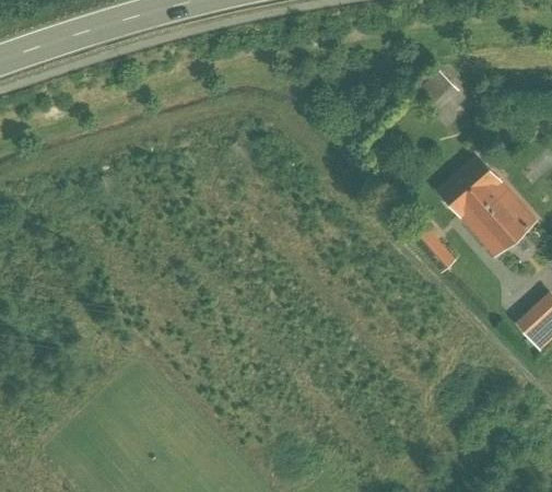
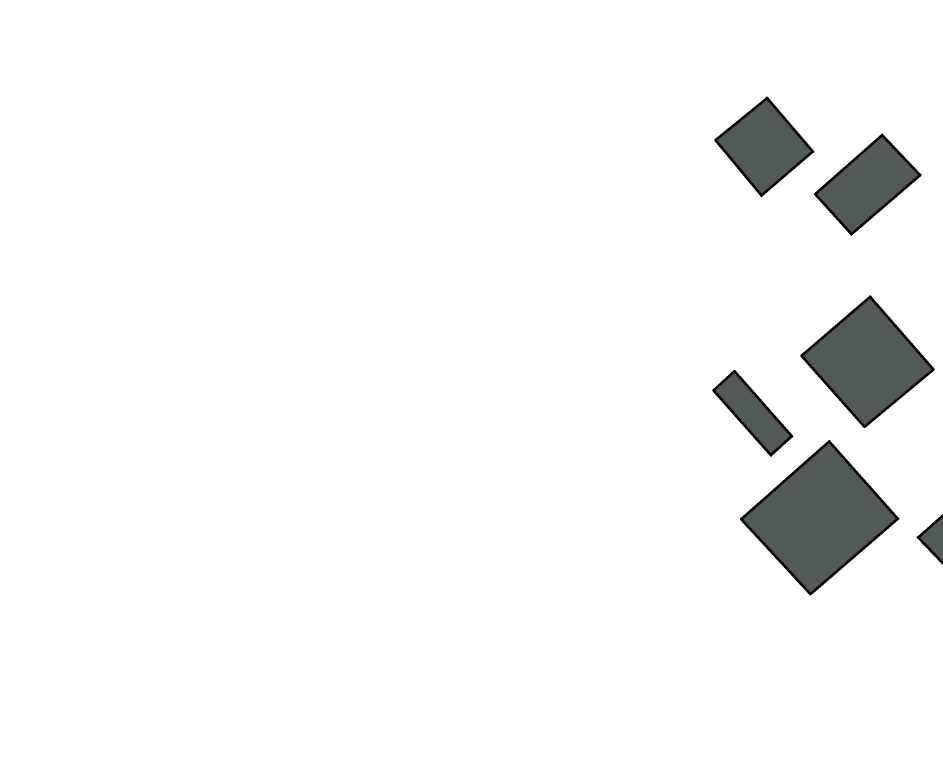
building: [438,156,498,213] -> [815,135,920,234]
building: none -> [741,441,898,594]

